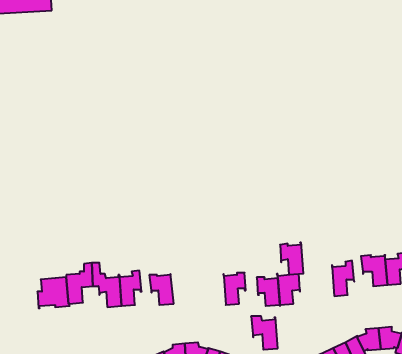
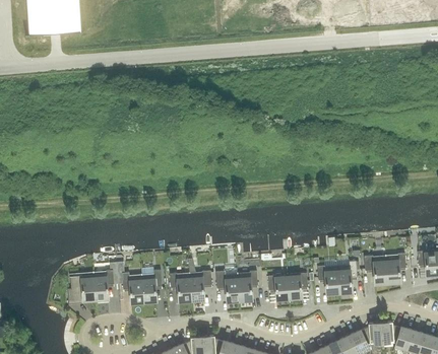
building: [280,243,303,275] -> [318,264,339,293]
building: none -> [189,270,212,299]
building: [251,316,278,350] -> [215,271,240,301]

